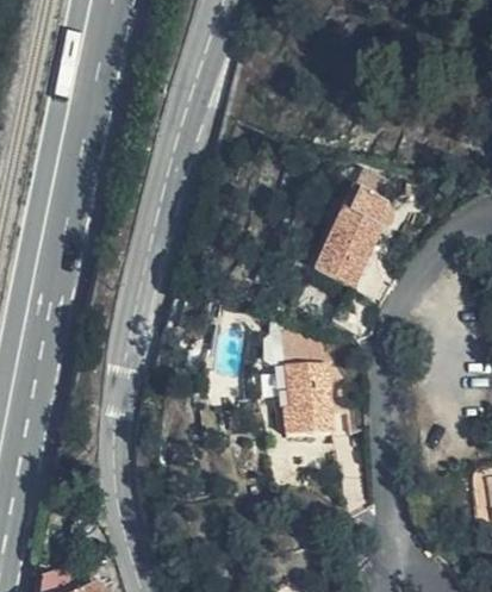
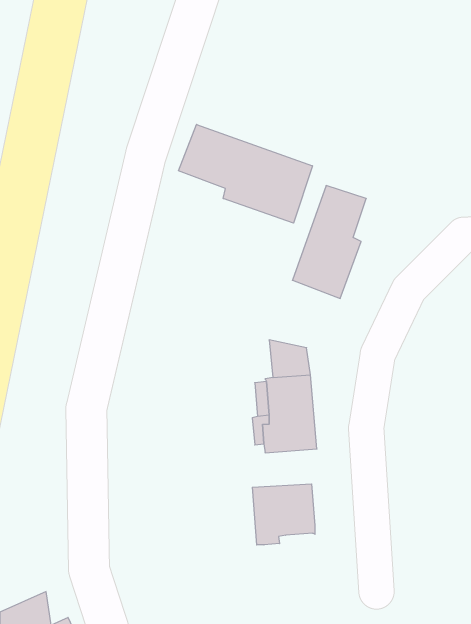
building: none -> [179,124,312,223]
building: none -> [252,484,315,545]

